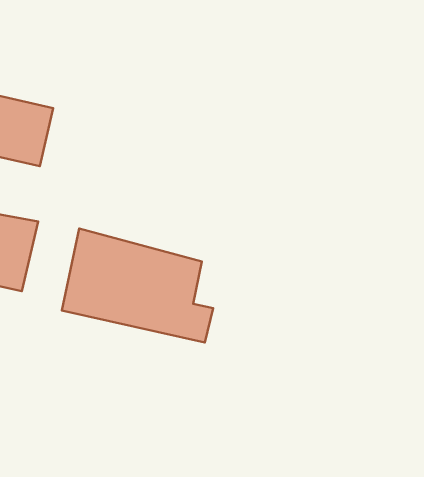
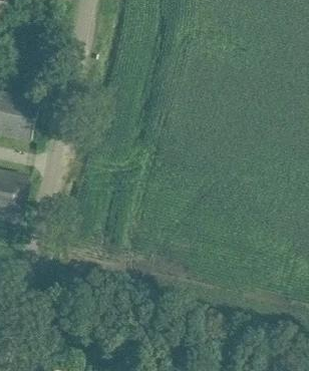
building: [62,229,213,342] -> none

